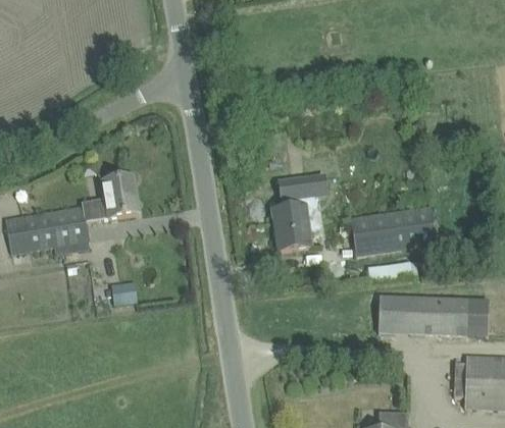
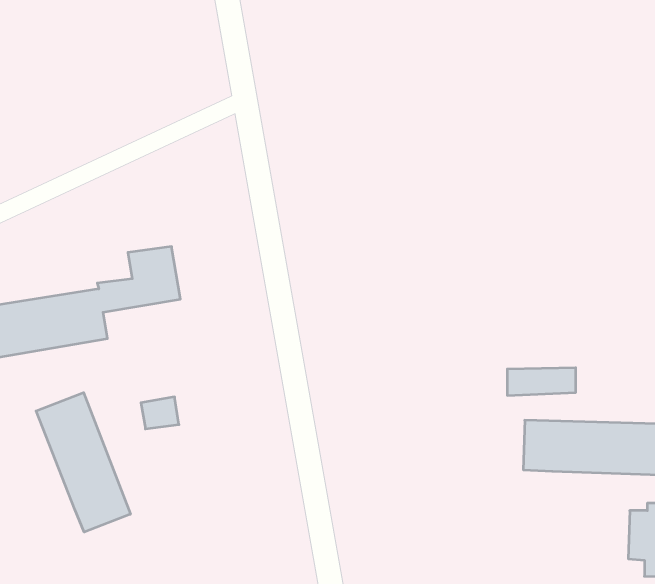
building: [272,175,326,251] -> none
building: [351,206,437,255] -> none
building: none -> [36,393,130,532]

